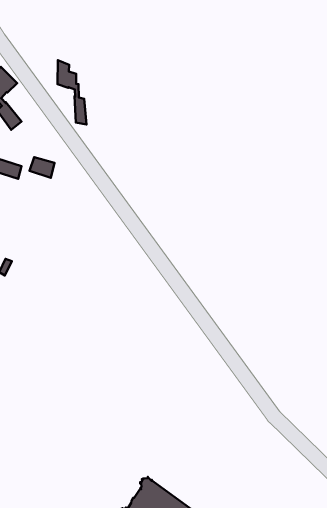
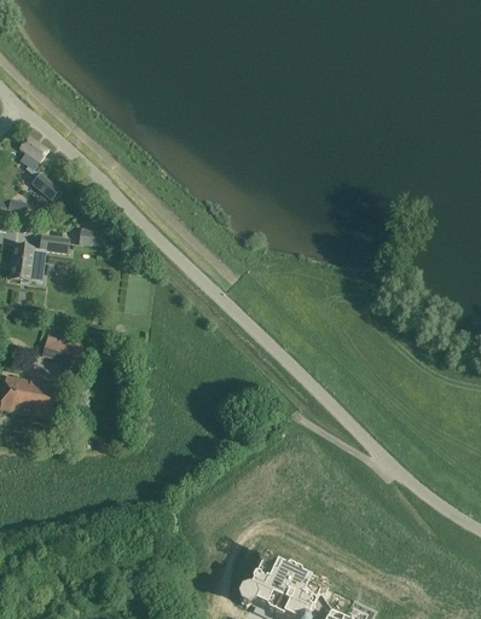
building: [57,60,86,125] -> none

